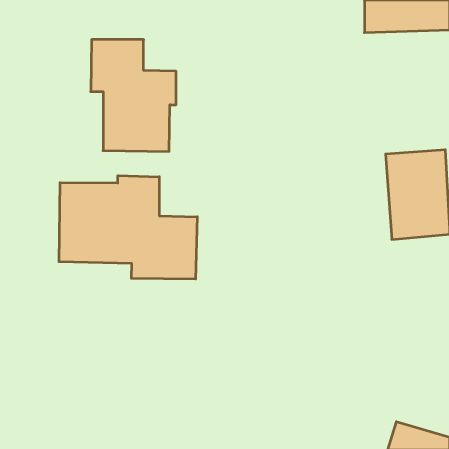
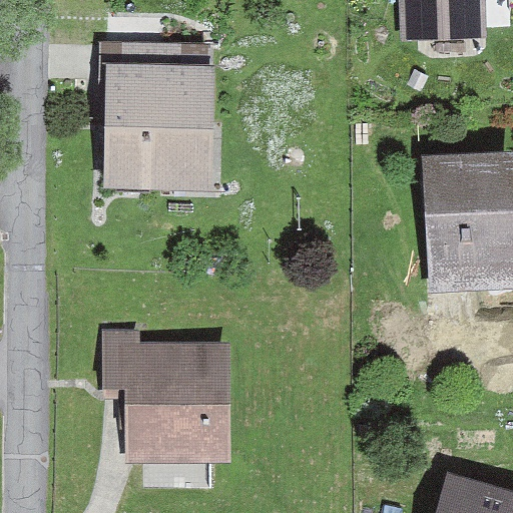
building: [59,176,197,279] -> none
building: none -> [104,331,226,458]

